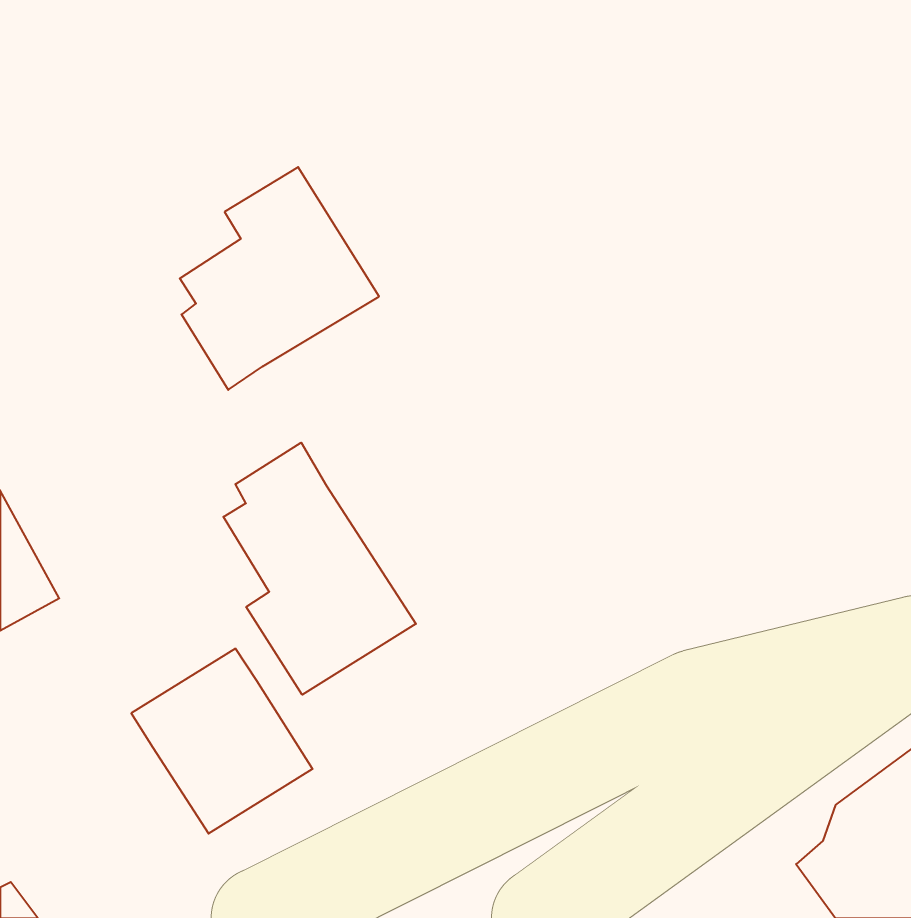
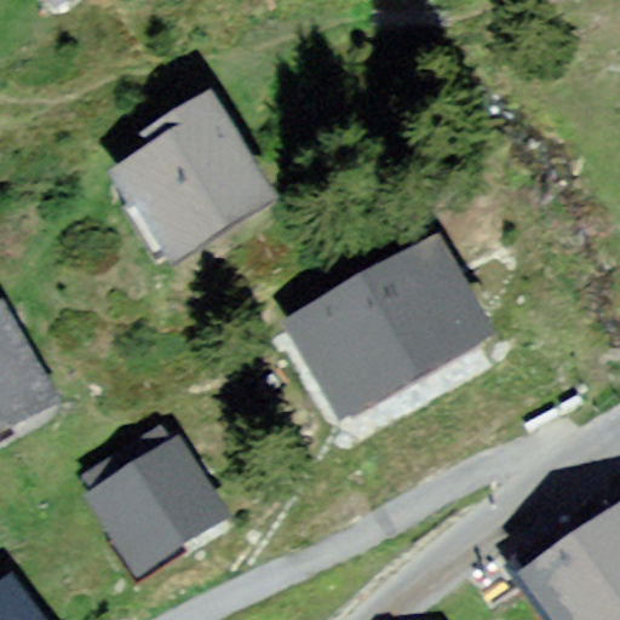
building: none -> [309,265,480,408]
building: [223,443,416,695] -> none

